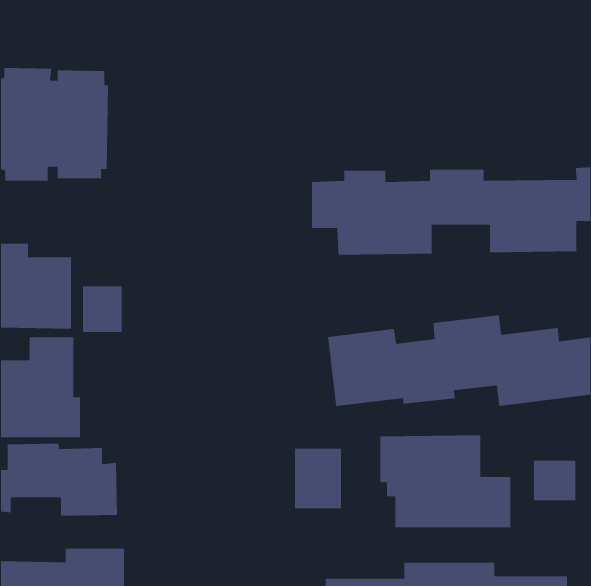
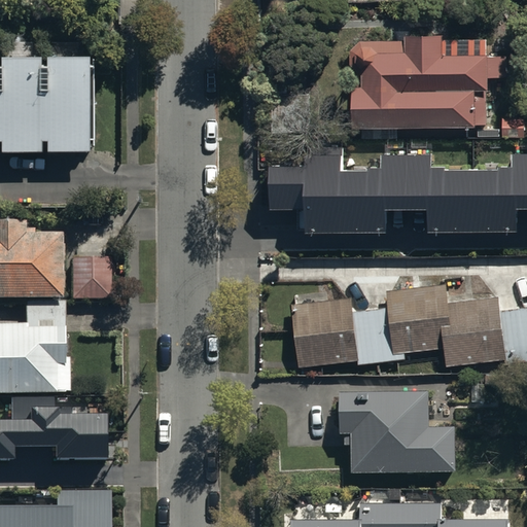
building: none -> [349,30,504,126]
building: [294,448,342,509] -> none
building: [533,460,576,501] -> none

